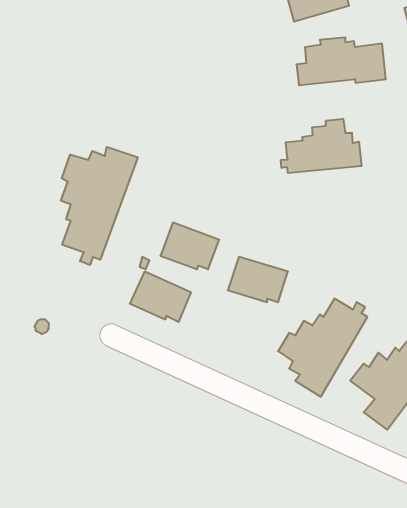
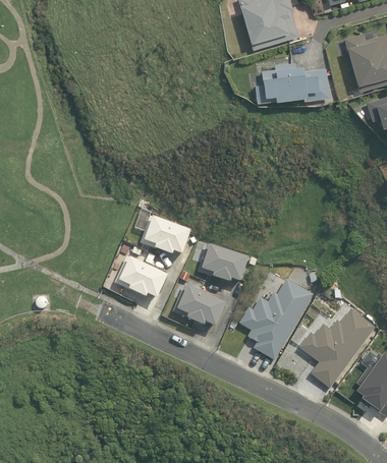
building: [281,119,362,173] -> none
building: [61,147,138,265] -> none
building: none -> [173,285,225,326]

